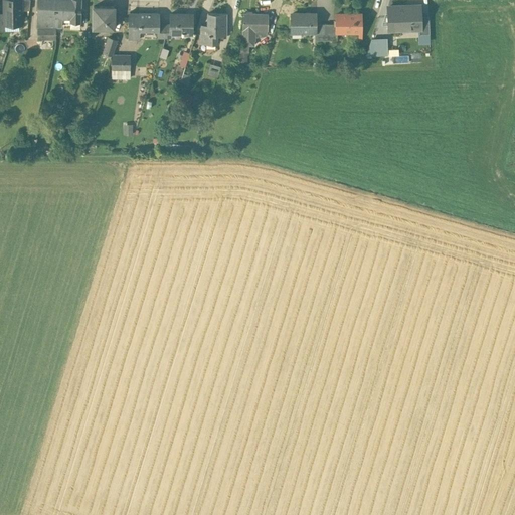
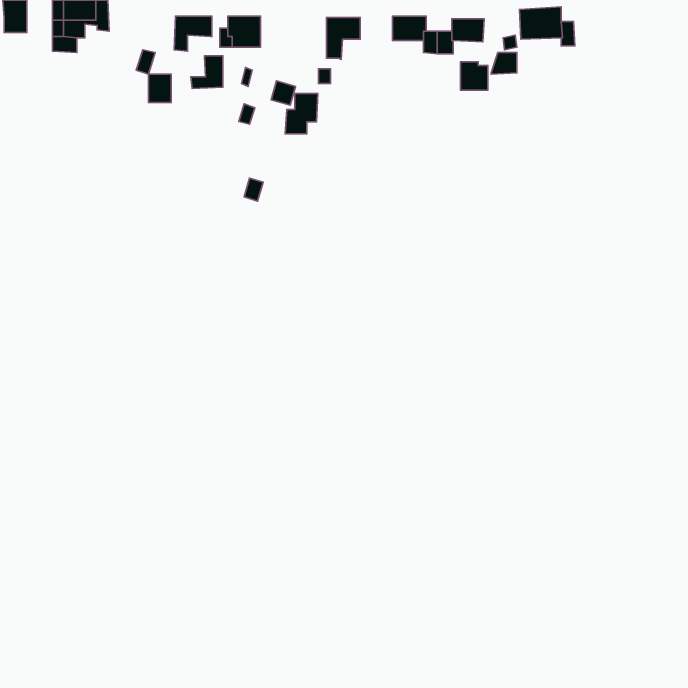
building: [92,7,113,28] -> none
building: [201,14,225,44] -> [285,93,318,134]
building: none -> [191,56,223,89]
building: none -> [460,62,488,90]

